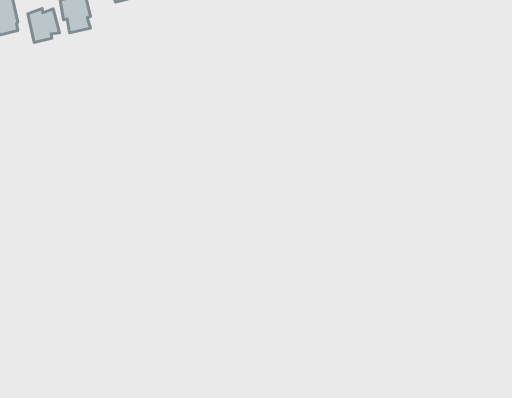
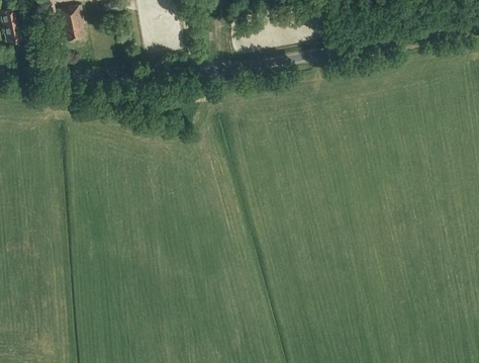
building: [28,9,59,42] -> none

